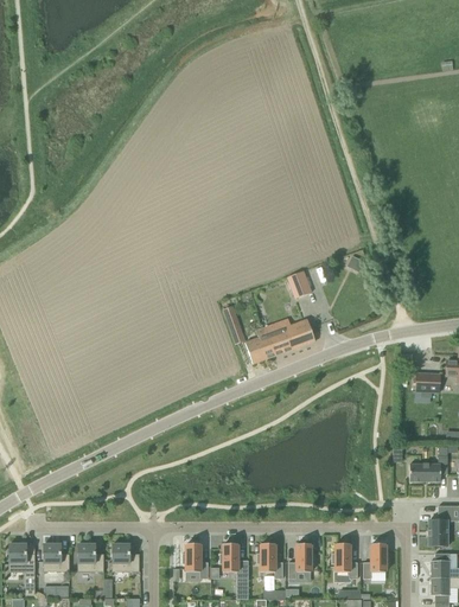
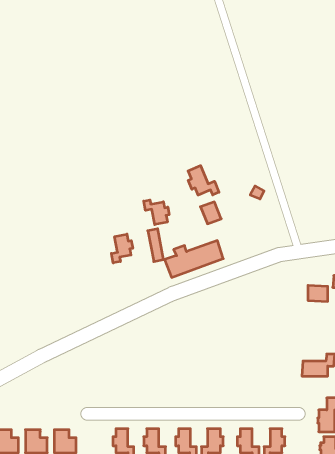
building: none -> [188,166,219,195]
building: none -> [144,200,169,225]
building: none -> [111,234,133,263]

